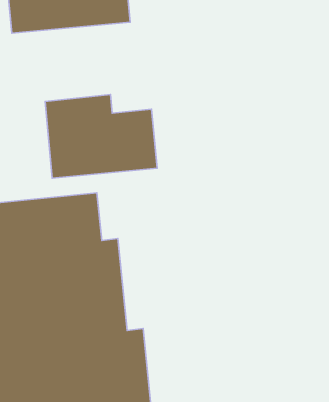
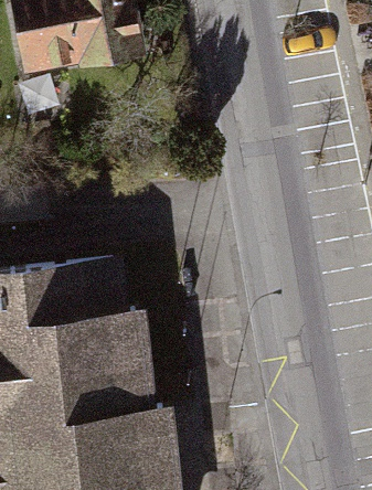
building: [45,95,157,178] -> none

